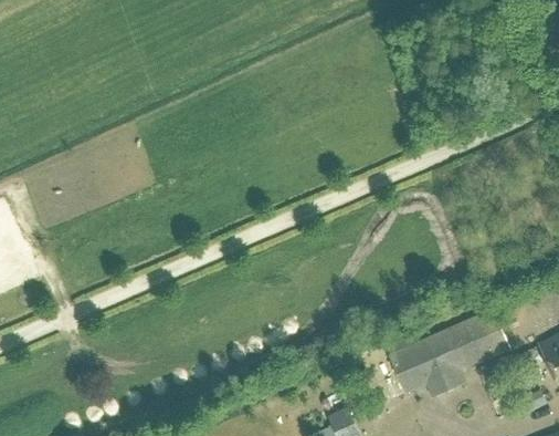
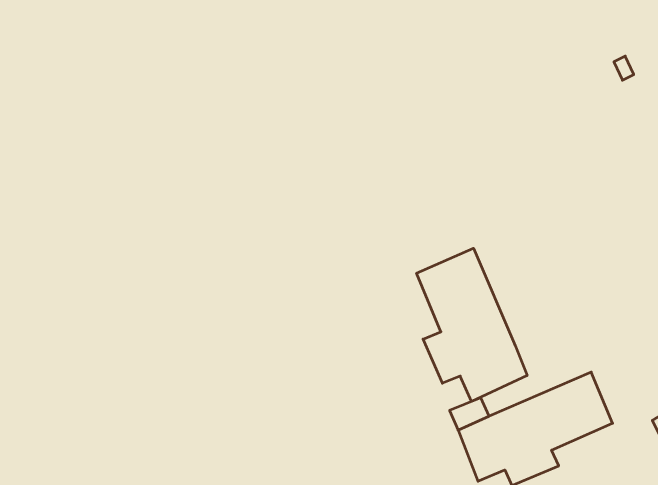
building: none -> [417,248,527,401]

